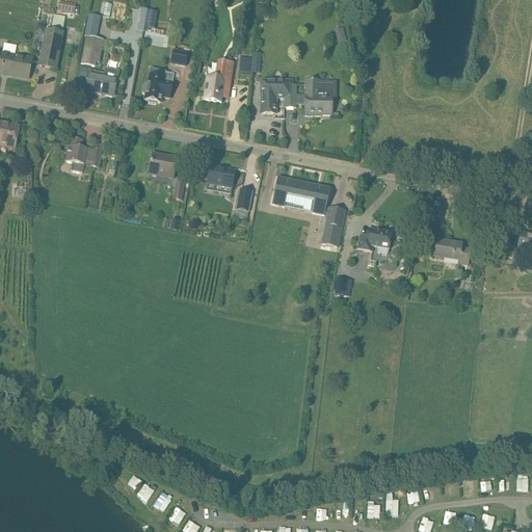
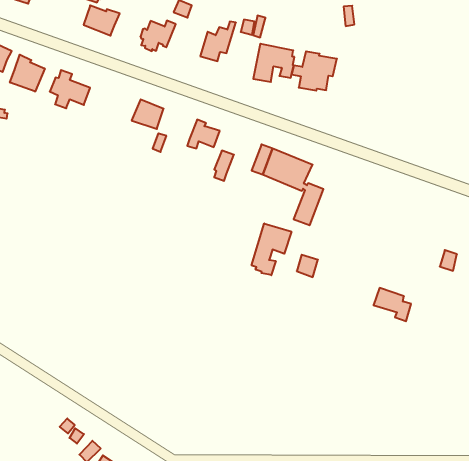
building: none -> [10,55,45,92]
building: [356,228,392,254] -> none
building: [433,238,470,266] -> [373,288,411,321]
building: none -> [252,223,291,275]

